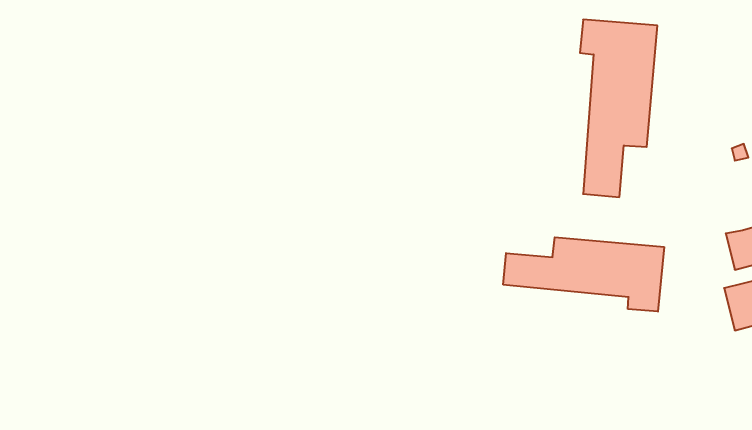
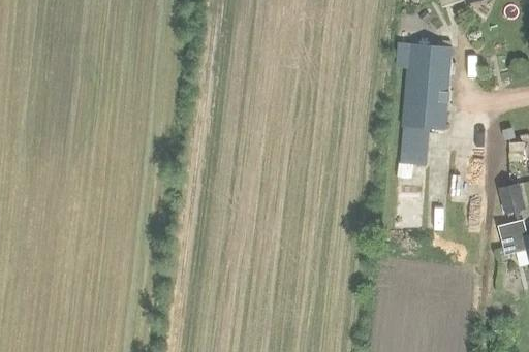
building: [503,237,664,312] -> none

